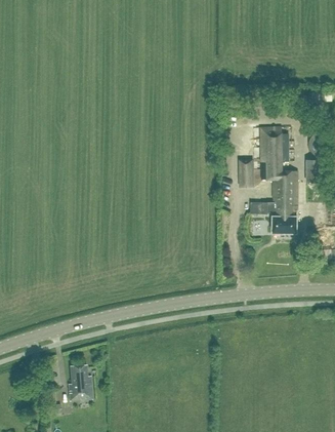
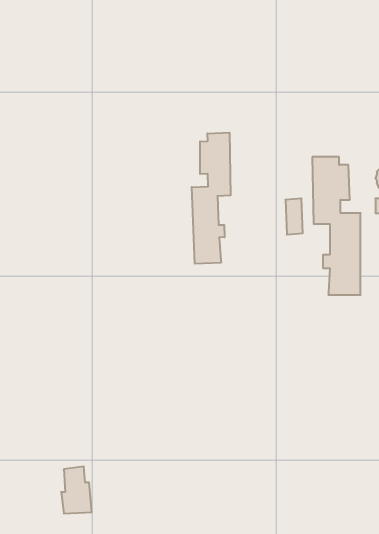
building: none -> [192,133,231,264]

